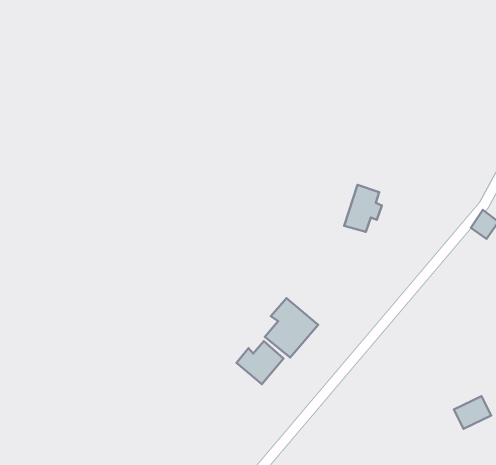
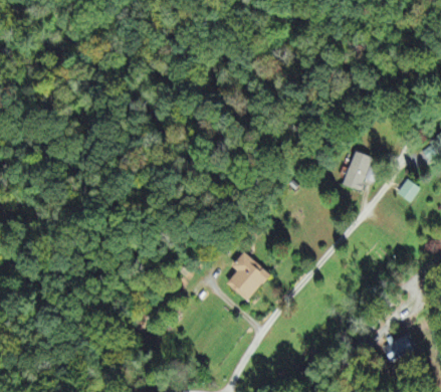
building: [344,185,382,232] -> [343,151,374,190]
building: [236,341,283,384] -> none

